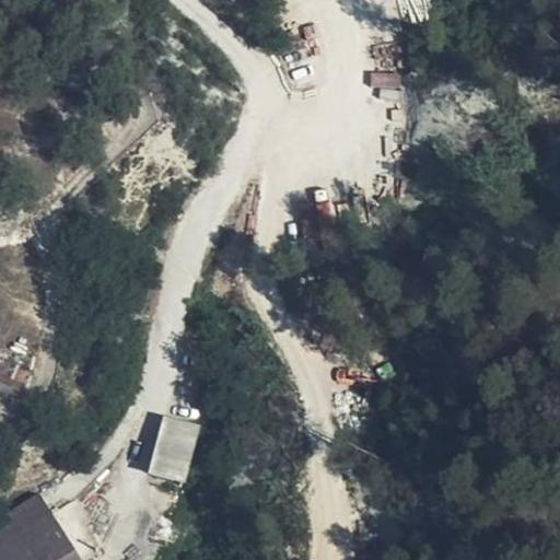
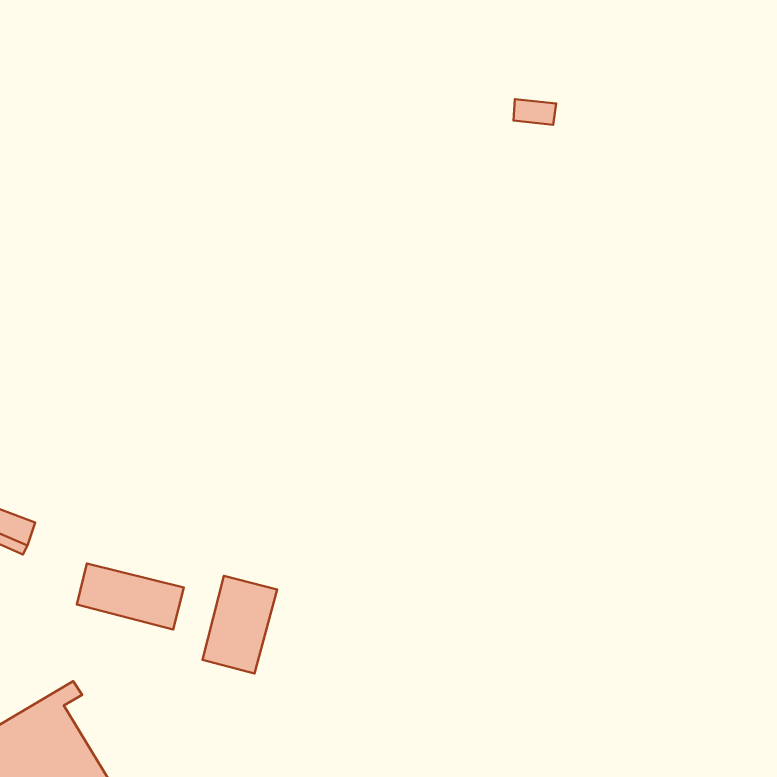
building: none -> [77,563,184,629]

